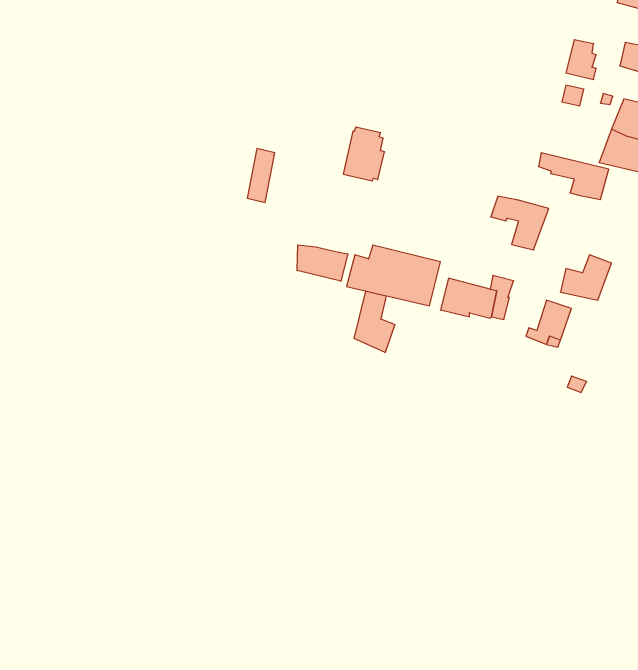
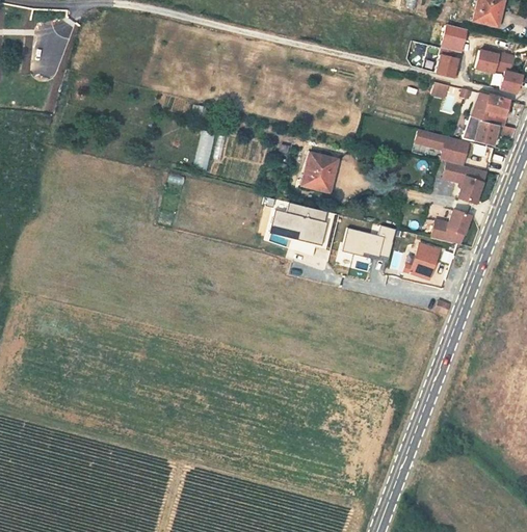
building: none -> [441,23,466,51]
building: [343,127,385,181] -> [304,150,335,190]
building: [491,196,549,250] -> [441,164,484,205]
building: [297,245,348,281] -> none
building: [354,291,395,353] -> none

